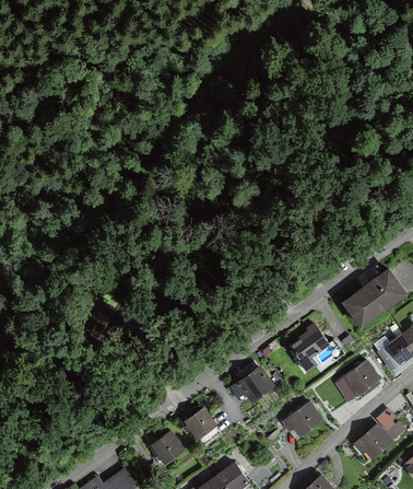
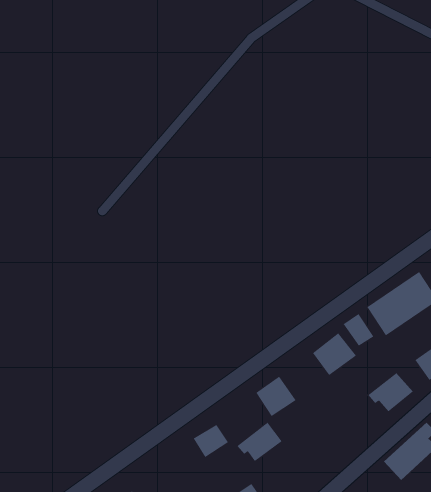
building: none -> [343,313,374,346]
building: [283,401,324,438] -> [237,422,282,462]
building: [149,430,185,464] -> none

